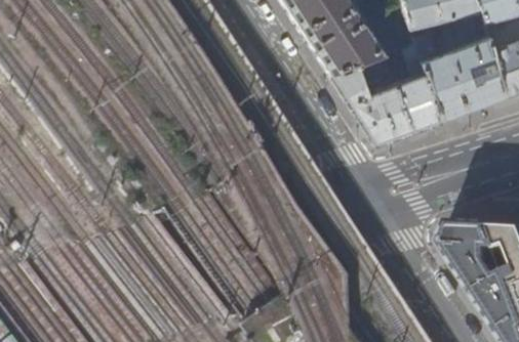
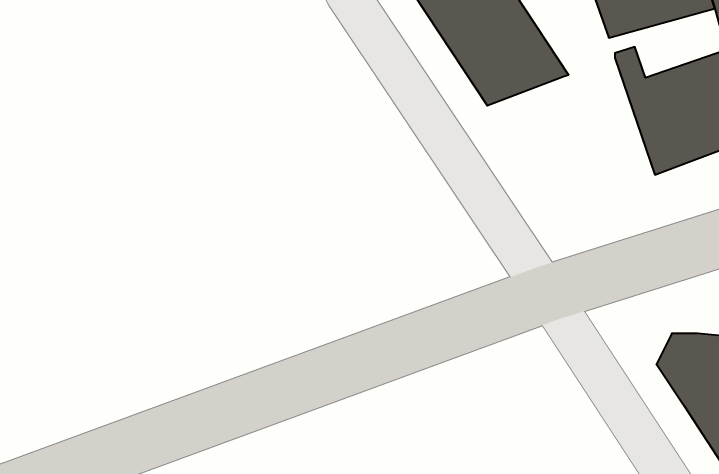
building: [331,43,443,144] -> none

